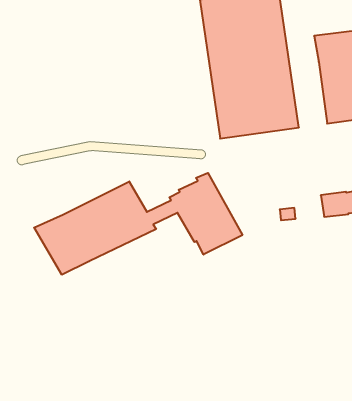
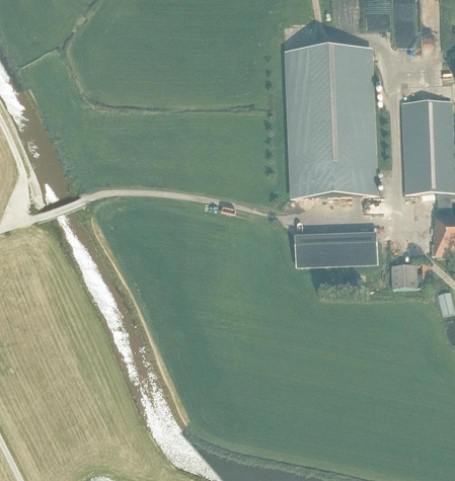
building: none -> [295,233,377,264]
building: [34,173,242,275] -> none

